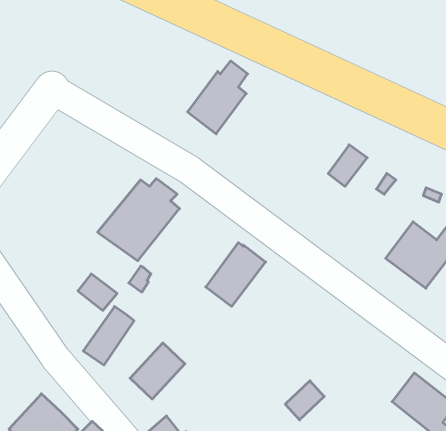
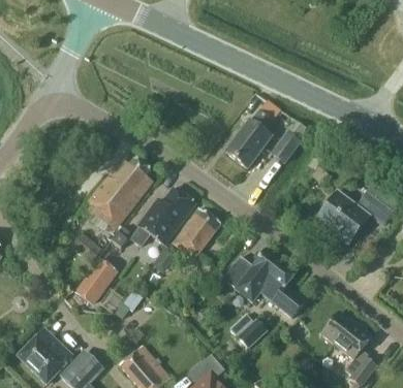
building: [188,61,248,134] -> [224,111,272,169]
building: none -> [130,188,194,247]
building: none -> [222,249,305,318]

